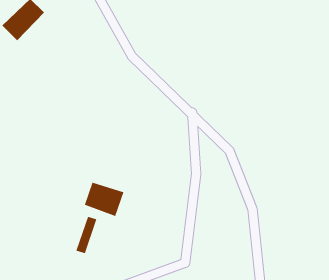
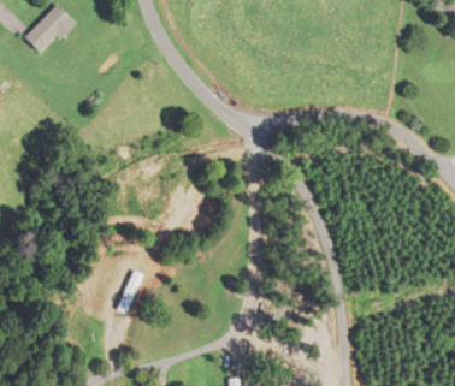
building: [84,182,124,217] -> none

